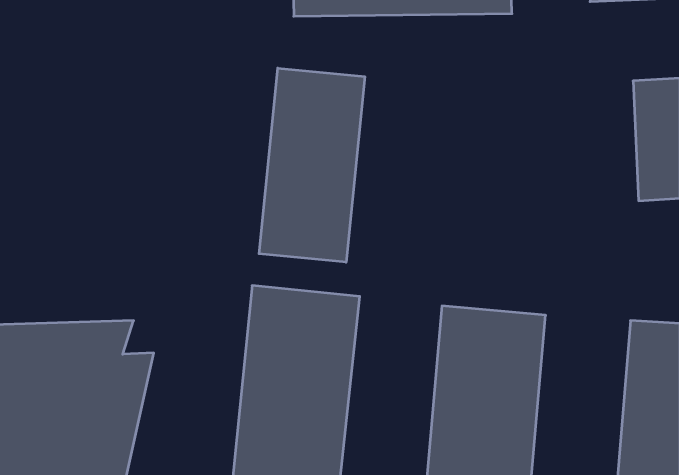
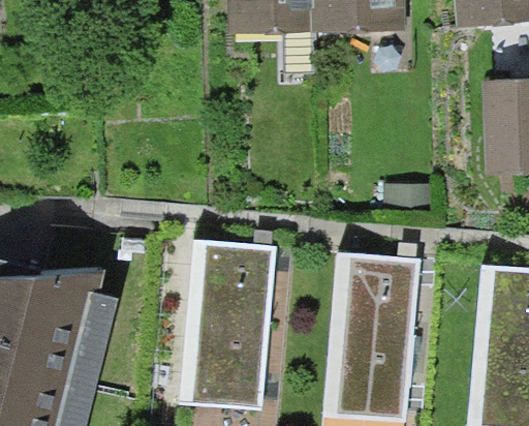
building: [259,68,365,262] -> none

